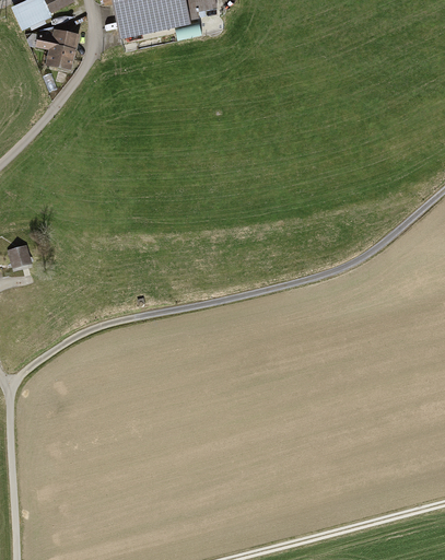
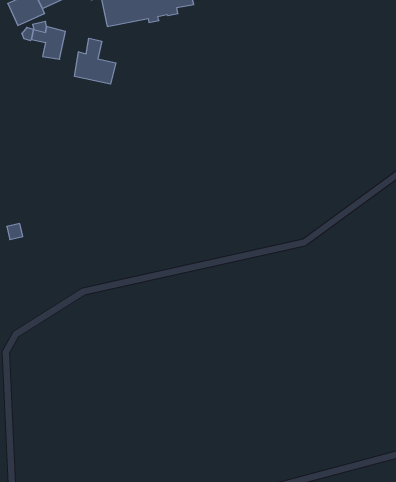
building: none -> [75,38,116,84]

